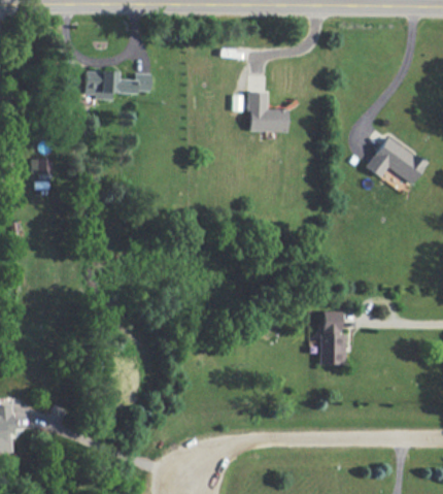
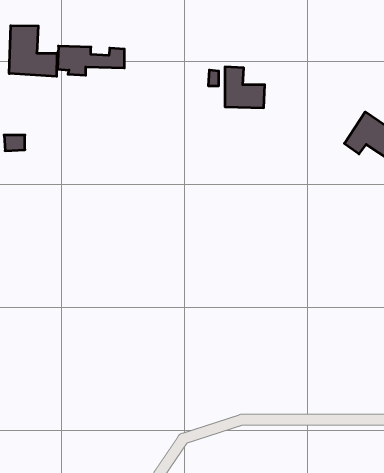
building: none -> [9,26,57,76]
building: [320,311,346,365] -> none

